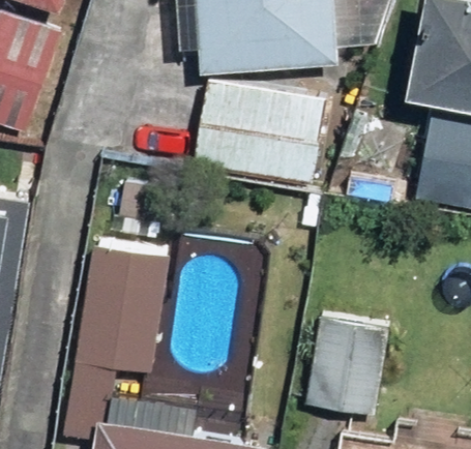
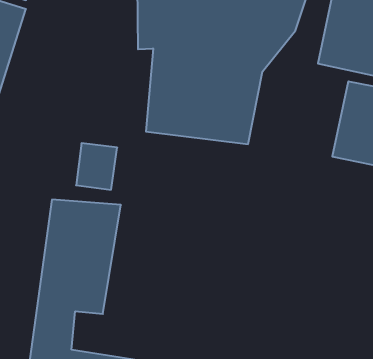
building: [302,305,386,412] -> none

